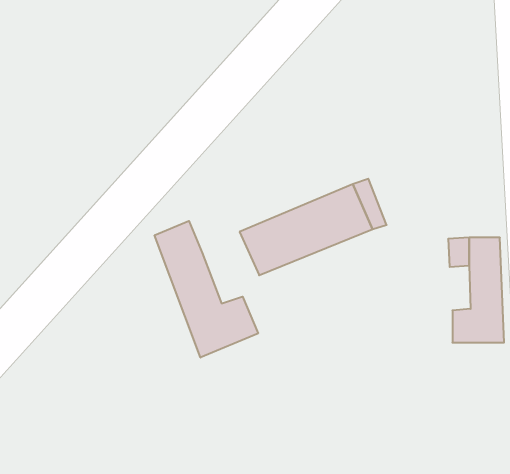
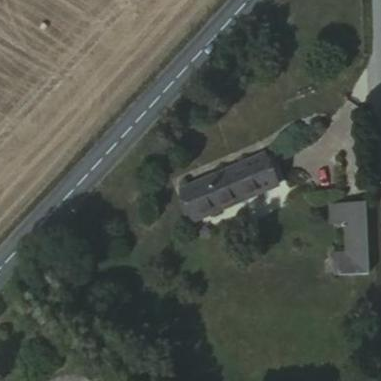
building: [155,221,258,358] -> none

